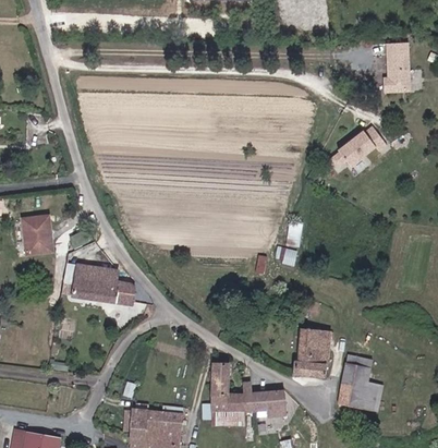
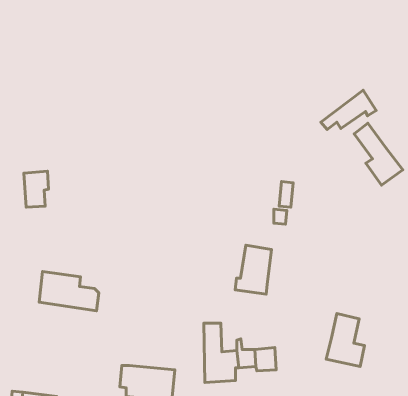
building: [386,41,412,87] -> none
building: none -> [354,123,403,185]
building: [73,264,134,304] -> [39,271,99,311]
building: [292,326,329,376] -> [235,245,271,294]

